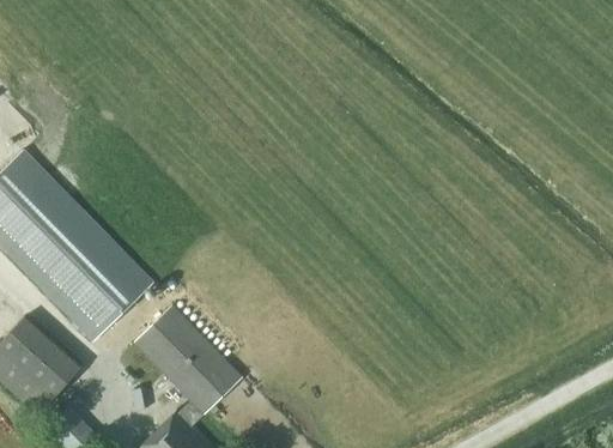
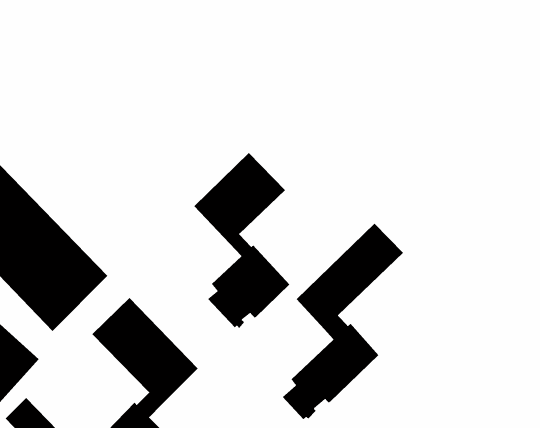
building: none -> [194,152,290,329]
building: none -> [282,223,404,420]

